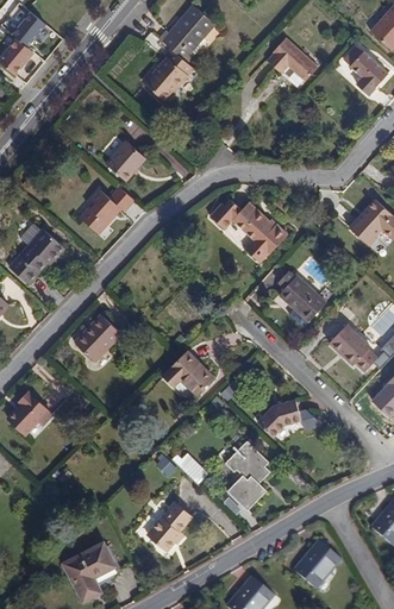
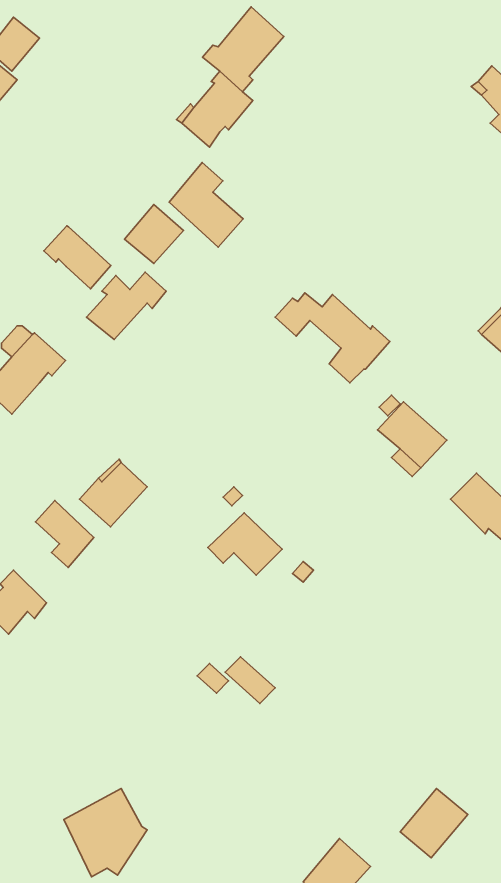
building: [267,38,317,81] -> none
building: none -> [169,163,243,247]
building: none -> [44,226,111,289]
building: none -> [35,501,94,567]
building: [257,401,300,437] -> none
building: [225,440,270,510] -> none
building: [148,502,192,551] -> none

